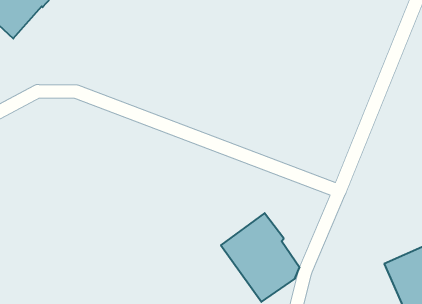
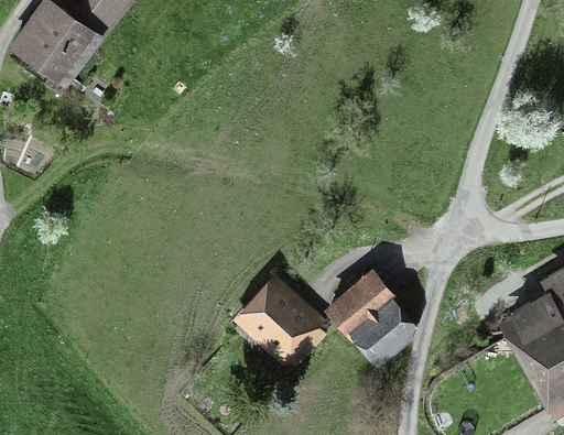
building: none -> [231,272,327,367]

